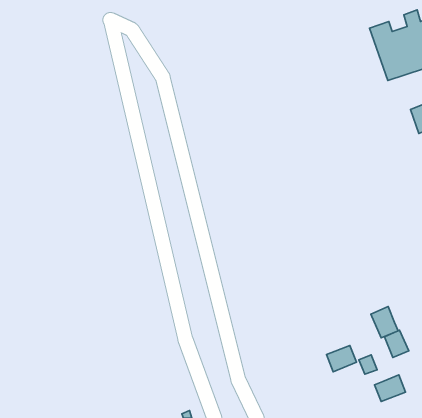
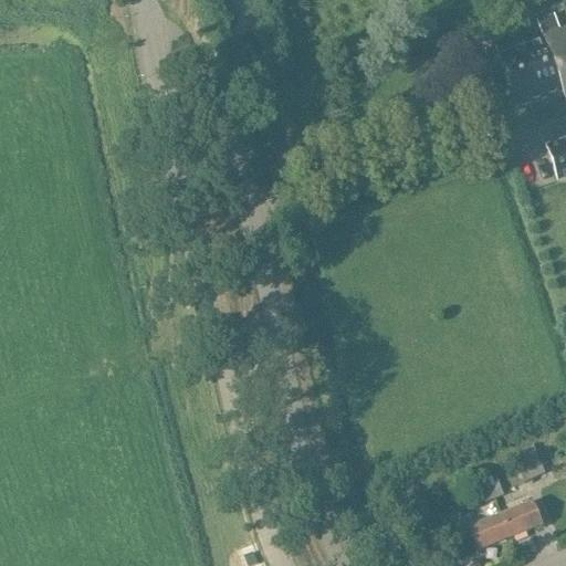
building: [371,306,398,338] -> none
building: [327,345,357,372] -> [471,513,511,548]

